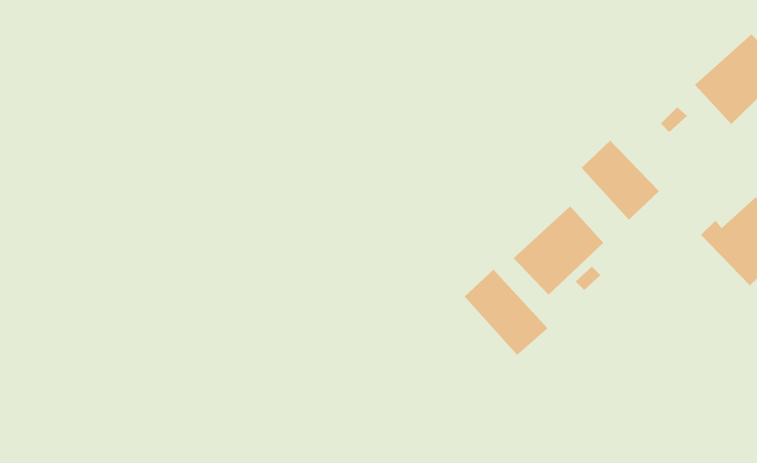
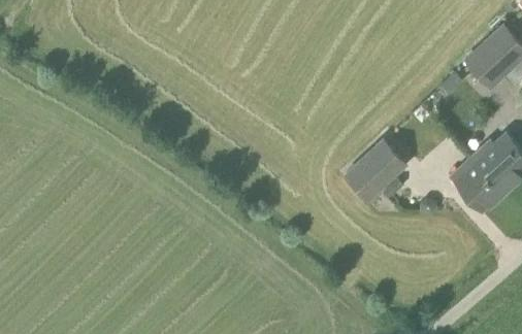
building: [581,140,660,220] -> [450,160,502,213]
building: [464,269,548,356] -> none

